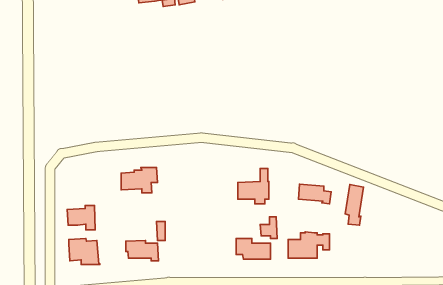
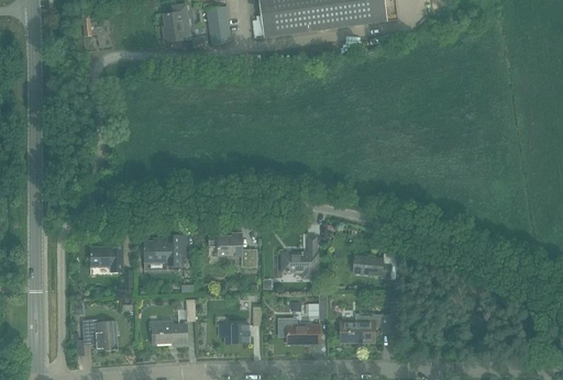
building: none -> [209,233,257,267]
building: [345,184,364,225] -> none
building: [67,206,95,230] -> [90,243,123,271]
building: none -> [219,323,250,343]

